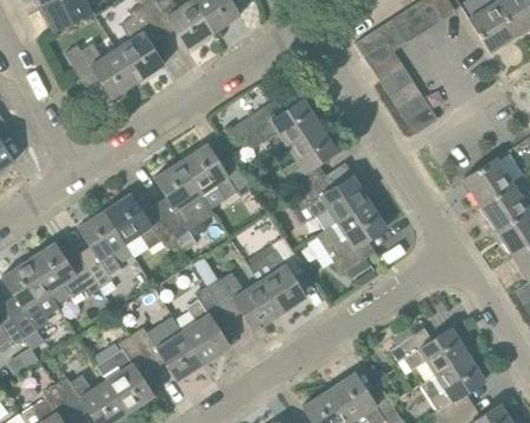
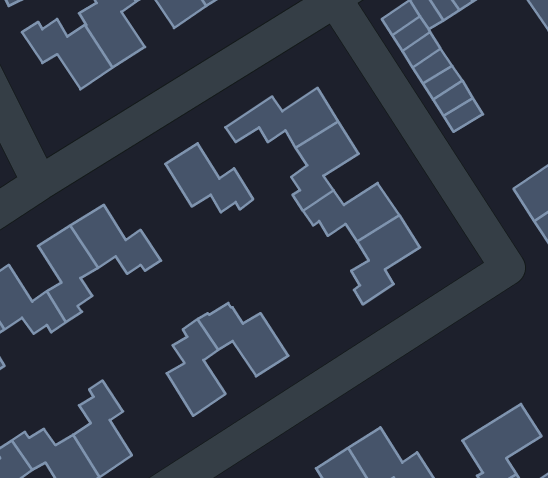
building: [154,160,202,238] -> none
building: [257,236,306,315] -> none
building: [129,320,203,380] -> none
building: [391,328,468,376] -> none

